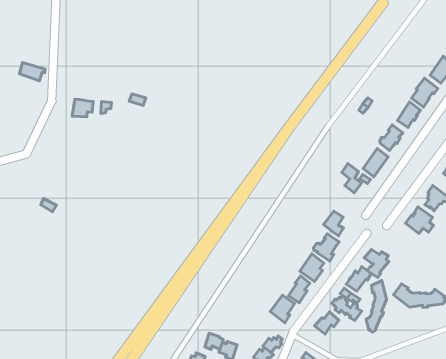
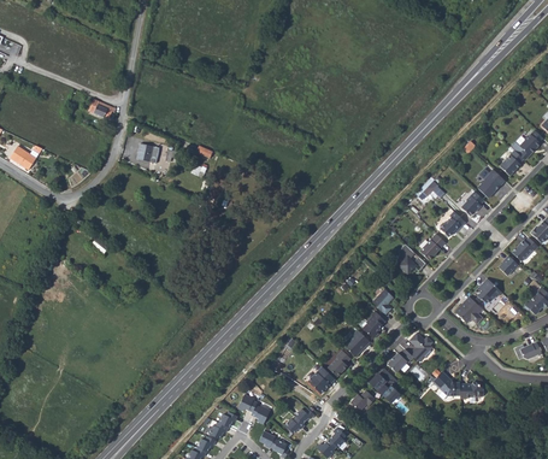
building: [366,280,387,332] -> none

